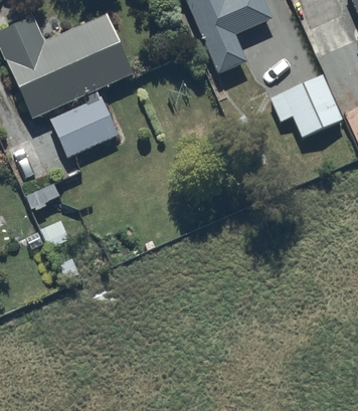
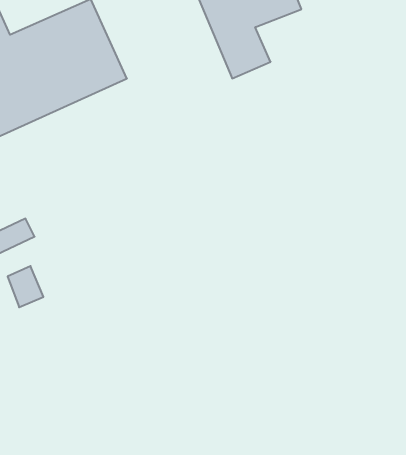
building: [270,73,343,137] -> none
building: [50,93,118,157] -> none

